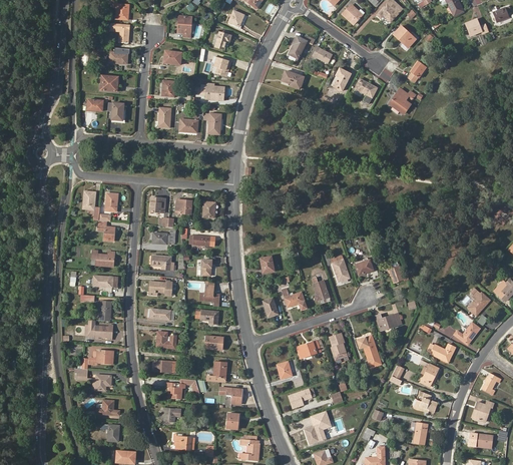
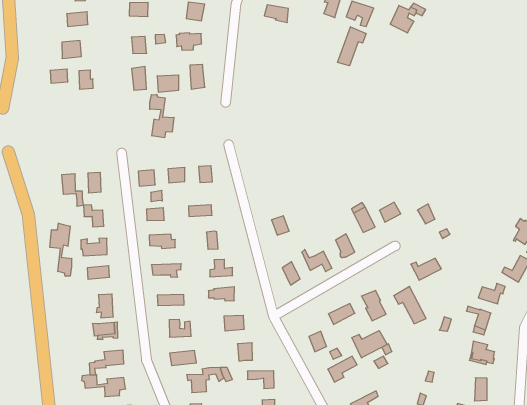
building: none -> [338,27,366,66]
building: none -> [150,94,174,138]
building: none -> [50,223,72,276]
building: none -> [352,331,387,358]

